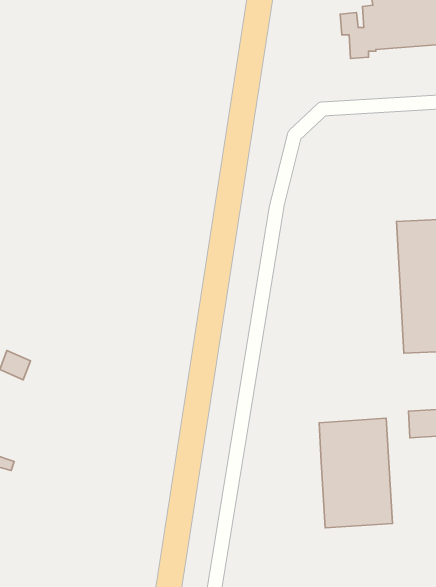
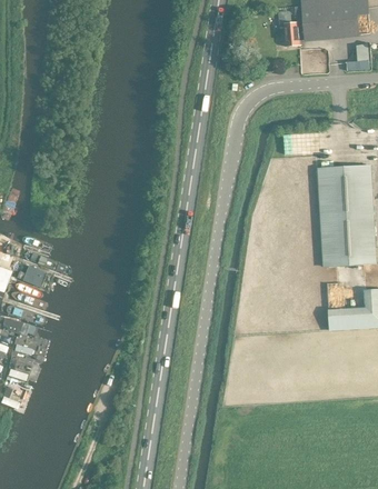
building: [319,418,392,528] -> none

